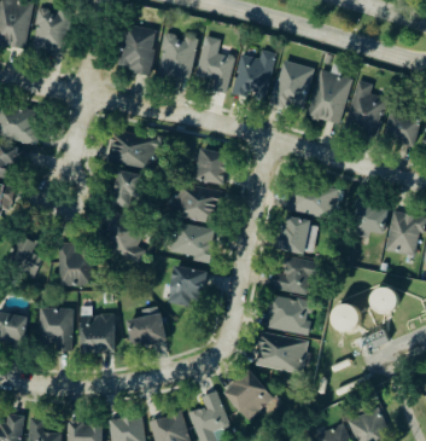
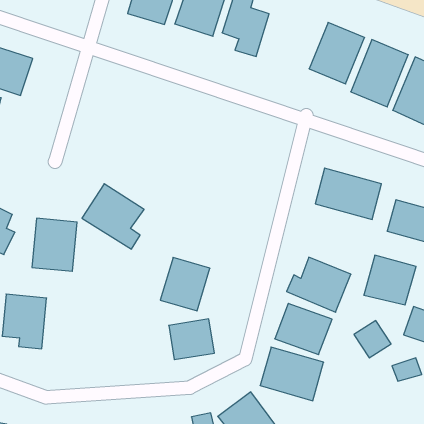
building: [233,51,276,100] -> none
building: [107,129,163,170] -> none
building: [194,149,228,184] -> none
building: [111,170,144,209] -> none
building: [170,182,221,224] -> none
building: [278,216,319,255] -> [364,255,416,305]
building: [169,222,214,261] -> none
building: [127,313,167,349] -> [169,319,214,360]
building: [81,314,113,353] -> none

